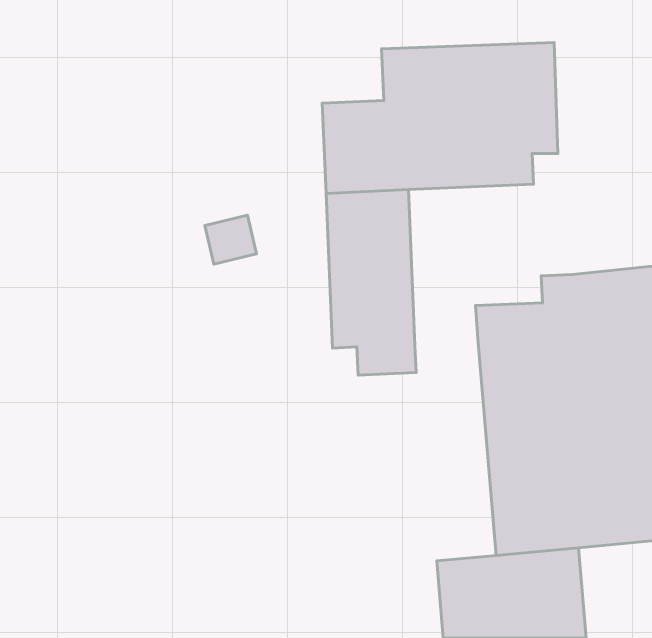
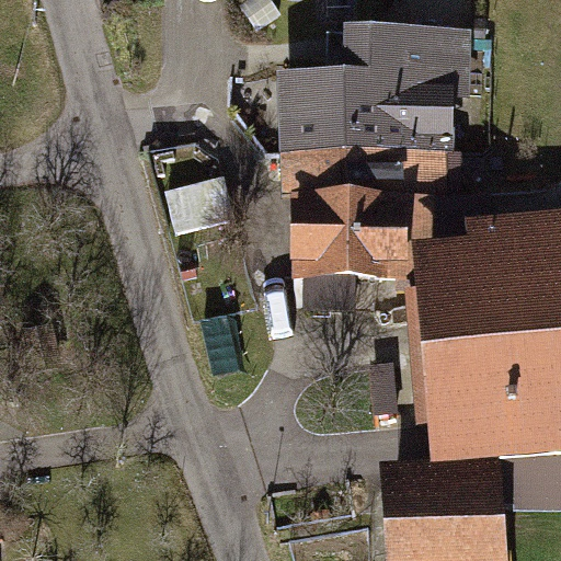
building: none -> [353,157,492,294]

